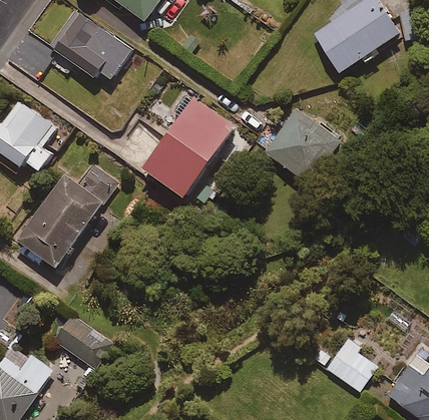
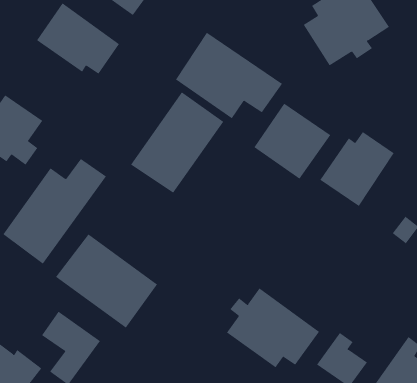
building: none -> [175,32,283,119]
building: none -> [320,131,394,207]
building: none -> [55,233,158,329]
building: none -> [226,287,320,368]

